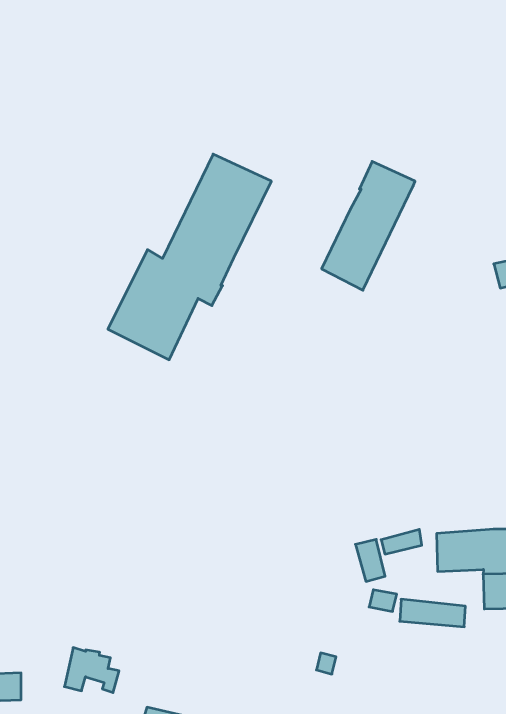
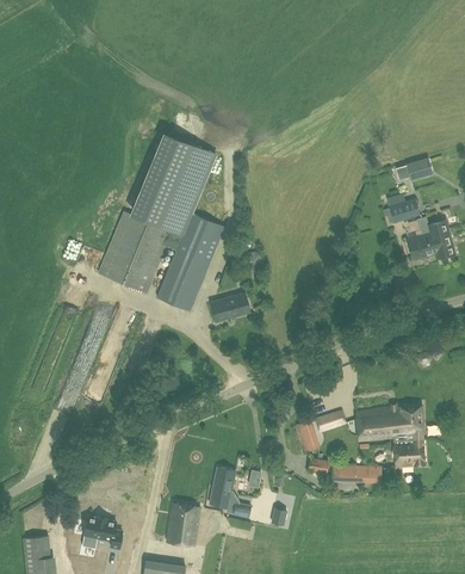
building: [322,161,415,290] -> [156,214,223,311]
building: none -> [209,294,249,322]
building: none -> [209,467,250,517]
building: none -> [166,504,198,547]

